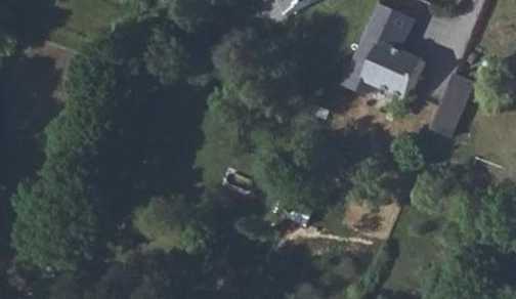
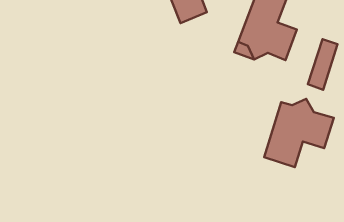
building: none -> [264,99,334,167]

